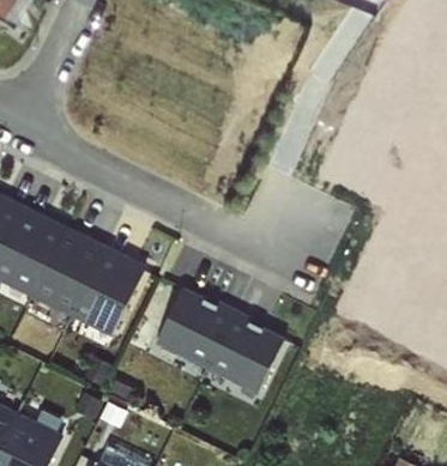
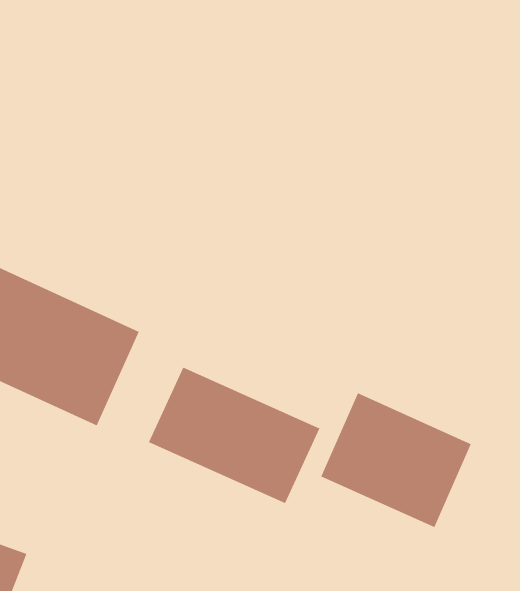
building: none -> [320,392,472,528]

